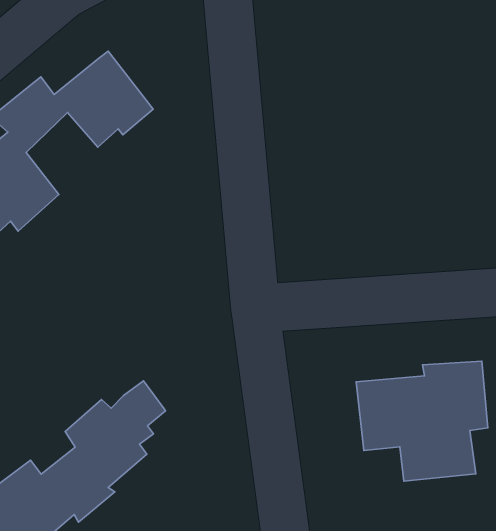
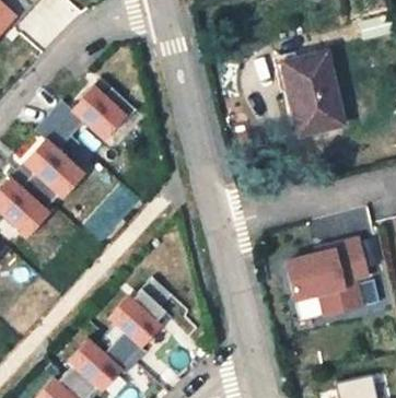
building: none -> [292,54,343,133]

